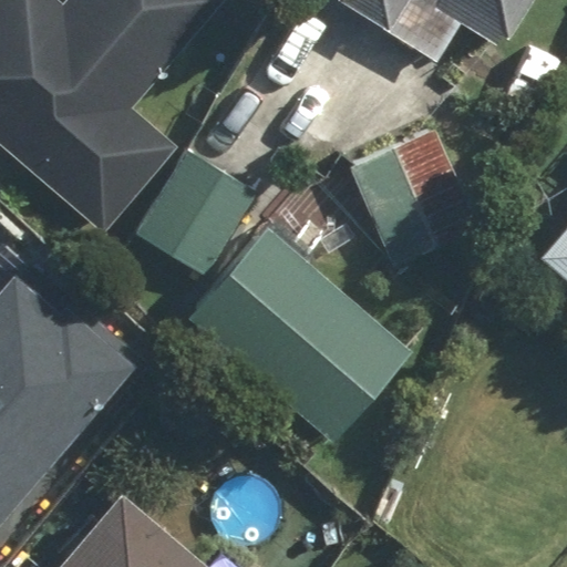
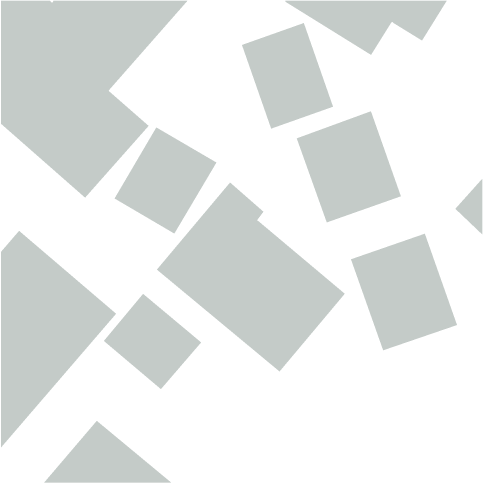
building: none -> [241,22,334,129]
building: none -> [350,233,458,351]
building: none -> [103,293,202,390]

